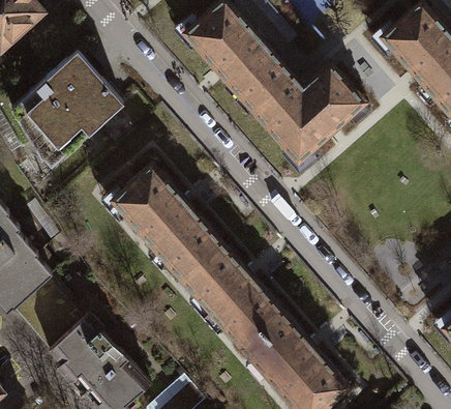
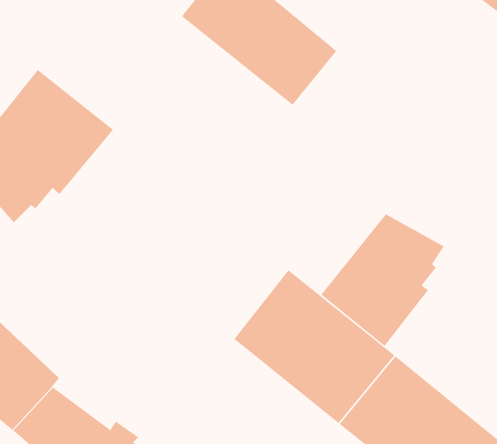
building: [253,66,363,163] -> none
building: [117,155,230,271] -> none
building: none -> [320,214,444,347]

